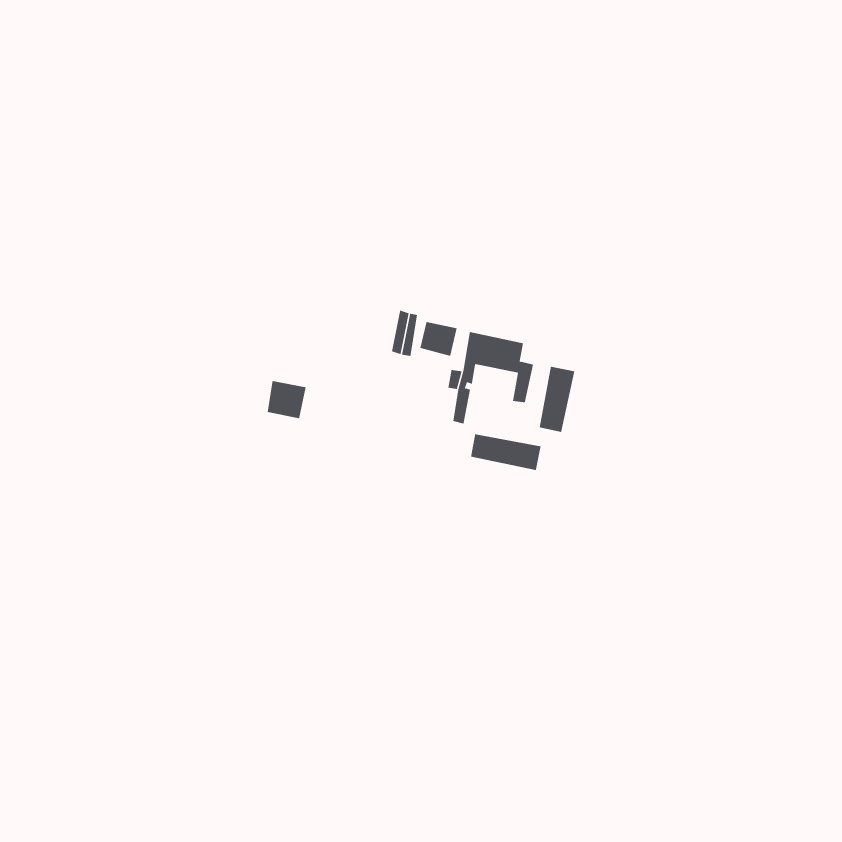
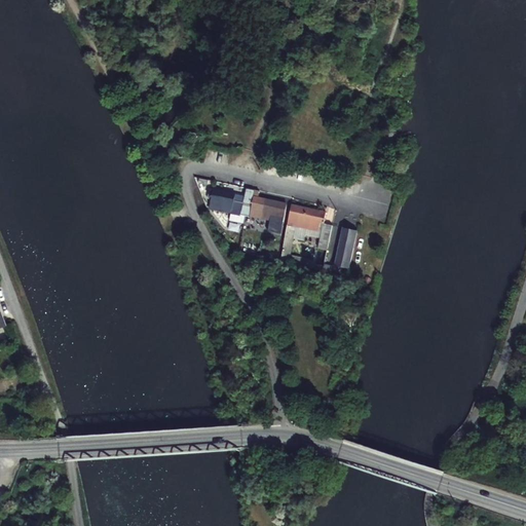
building: [267,381,307,419] -> [209,192,233,216]
building: [471,434,541,471] -> none

